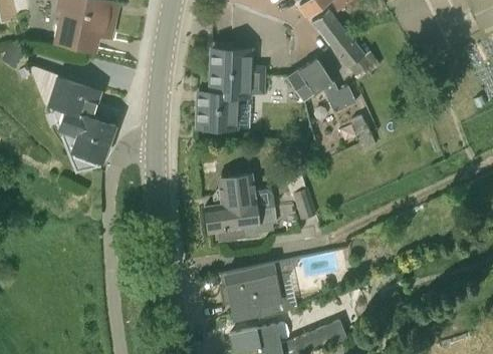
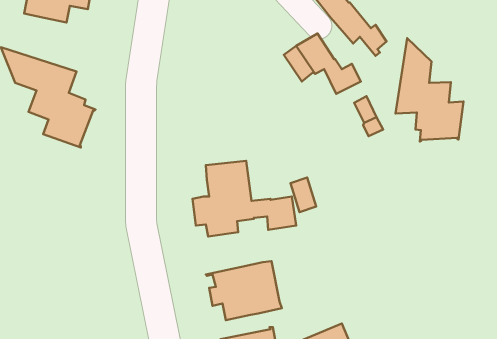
building: [197,50,265,129] -> none
building: none -> [395,38,464,141]

